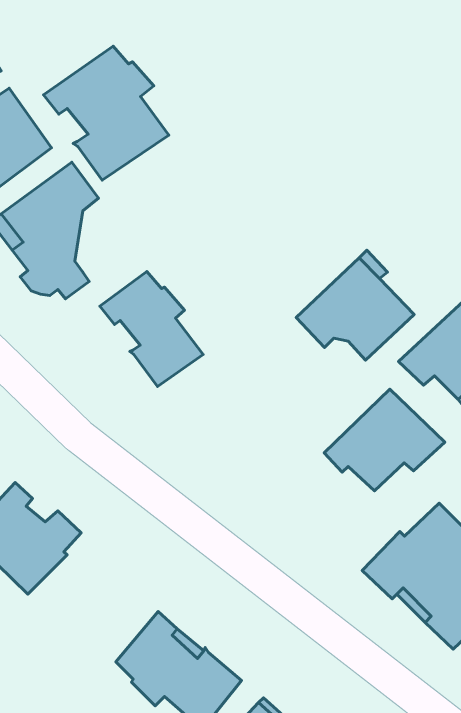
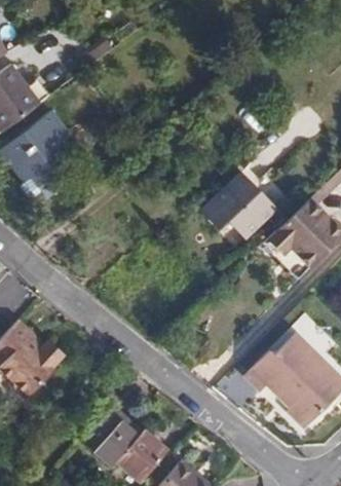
building: [44,46,169,180] -> none
building: [100,272,203,386] -> none
building: [324,389,445,491] -> none

